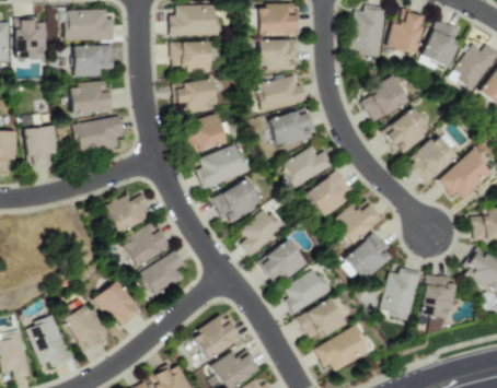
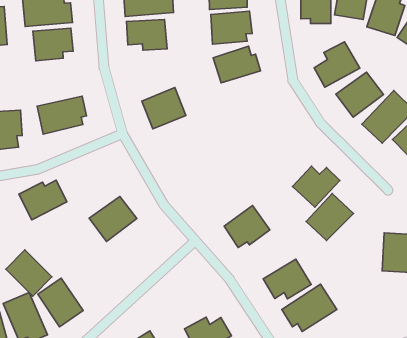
building: [175,80,216,111] -> none
building: [71,81,111,114] -> none
building: [269,108,315,148] -> none
building: [197,144,251,189] -> none
building: [284,145,335,188] -> none
building: [308,169,352,217] -> none
building: [212,179,262,222] -> none
building: [104,193,153,233] -> [19,180,67,220]
building: [240,209,286,257] -> none
building: [137,250,185,298] -> none
building: [281,268,332,313] -> none
building: [380,268,420,320] -> none
building: [95,280,142,328] -> [6,250,52,296]
building: [193,315,241,358] -> none

